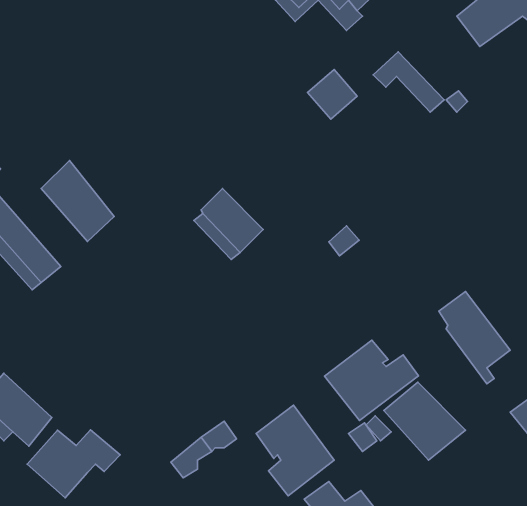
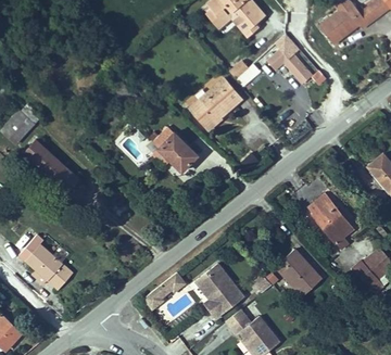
building: none -> [187,76,245,134]
building: [41,161,114,241] -> none
building: [324,340,418,420] -> none
building: [27,430,120,498] -> none

